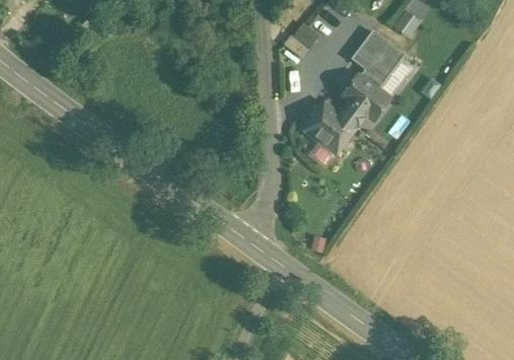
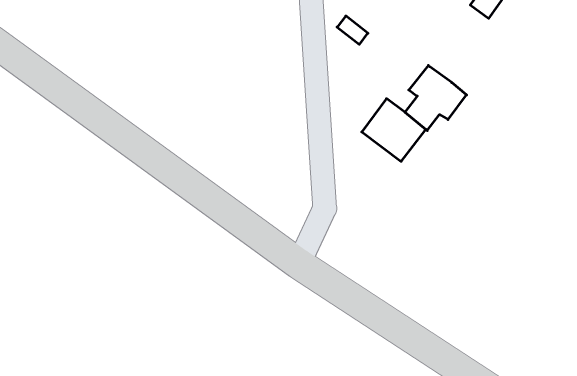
building: [353,30,403,88] -> none

